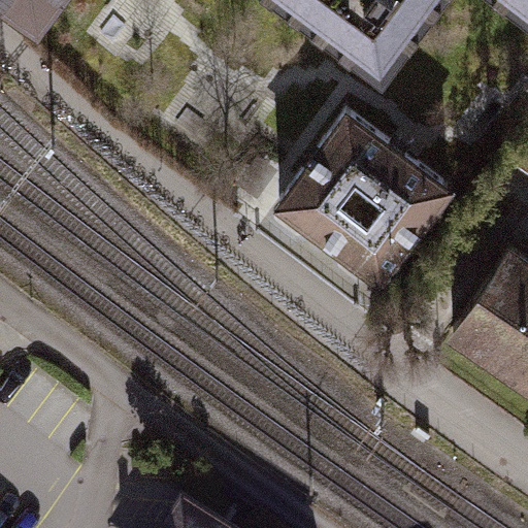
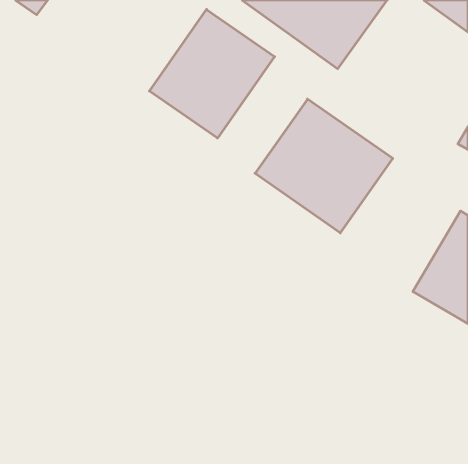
building: none -> [149,9,275,138]

